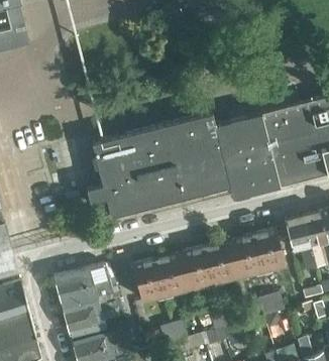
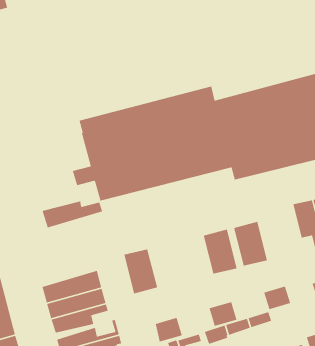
building: [253,230,285,271] -> none
building: [182,248,213,289] -> none
building: [154,254,186,295] -> none
building: [53,269,109,294] -> [42,201,103,228]

